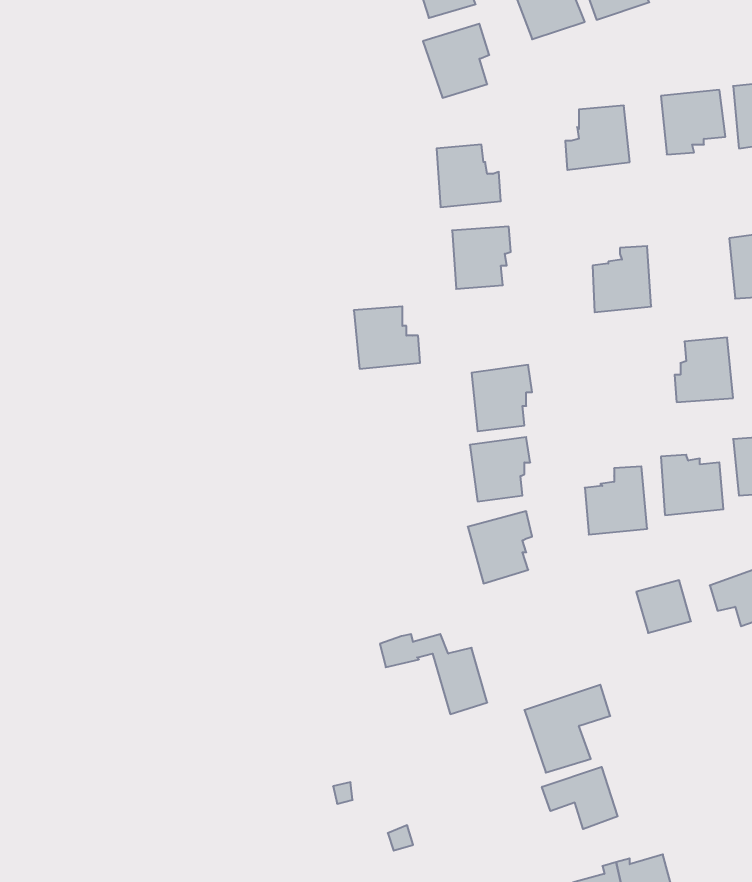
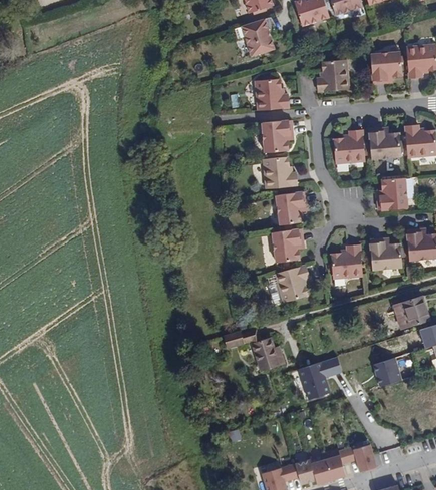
building: none -> [368,128,400,158]
building: [354,306,420,369] -> [262,156,296,188]
building: [636,580,691,633] -> [374,358,402,385]
building: [542,767,618,829] -> none

